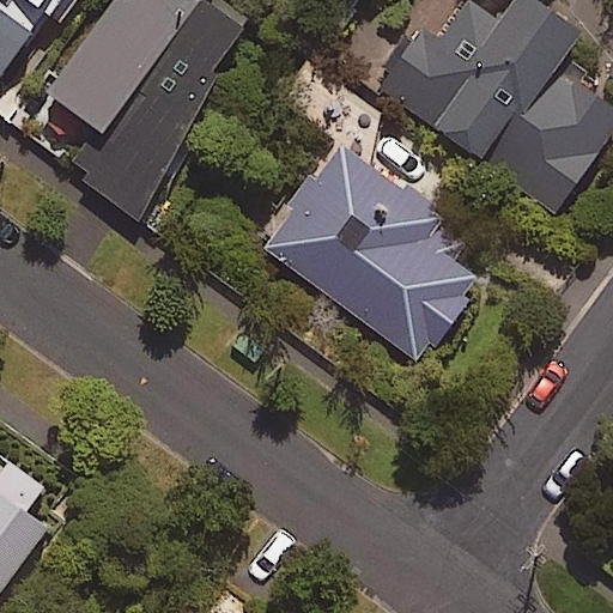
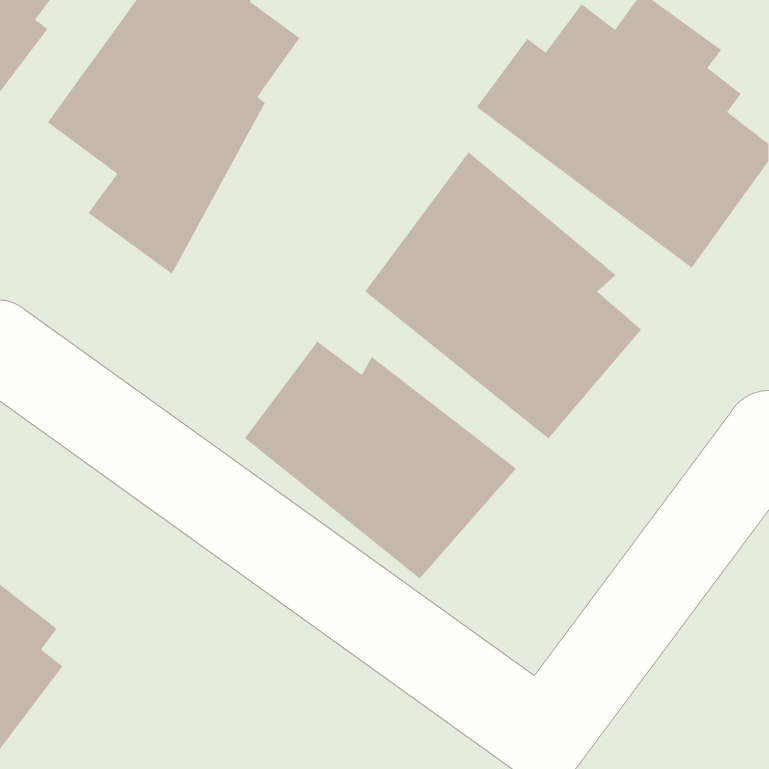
building: none -> [244,341,517,580]

